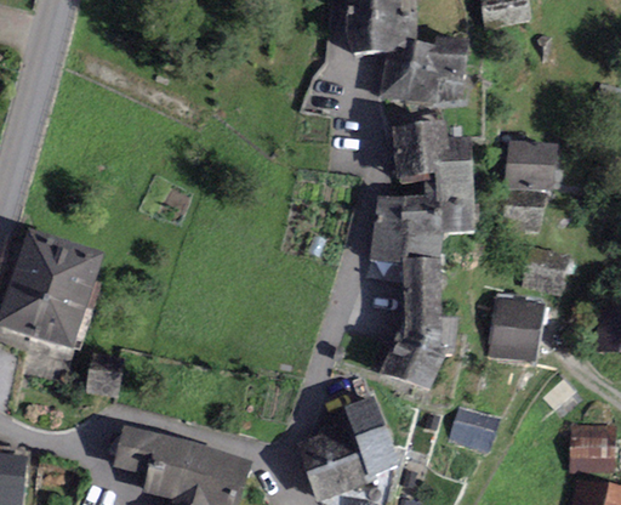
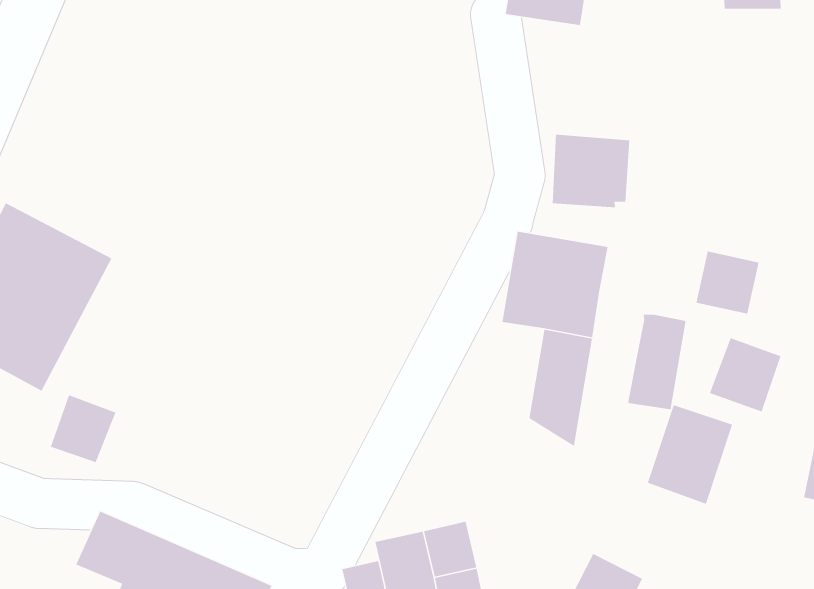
building: [380,39,467,104] -> none
building: [505,141,556,192] -> none
building: [438,168,469,231] -> [627,314,686,410]
building: [381,323,445,391] -> none

